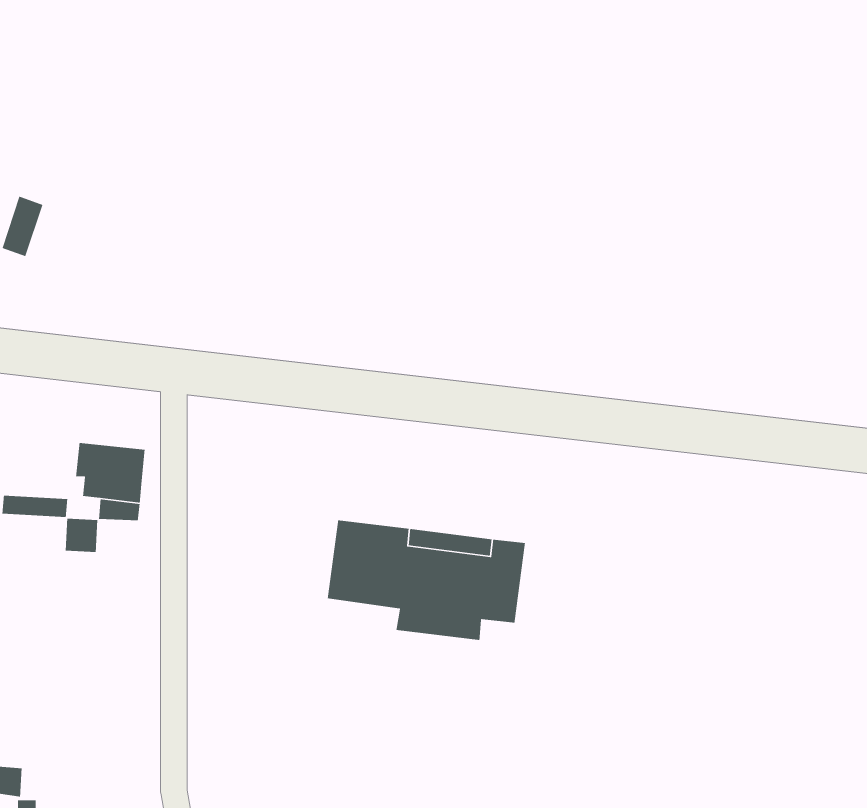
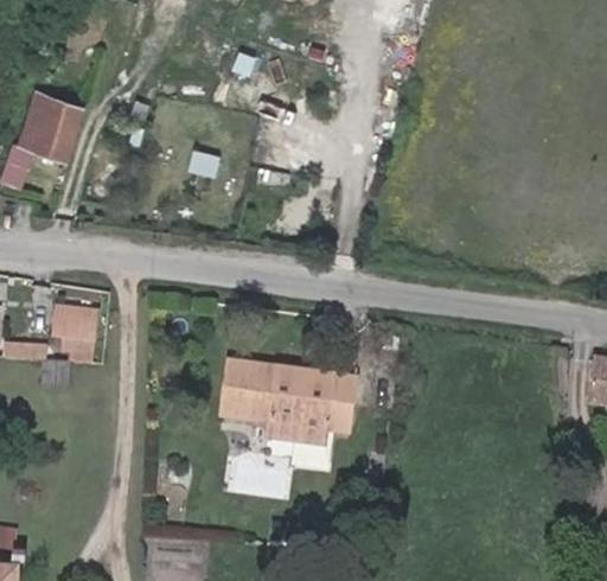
building: none -> [20,91,83,159]

